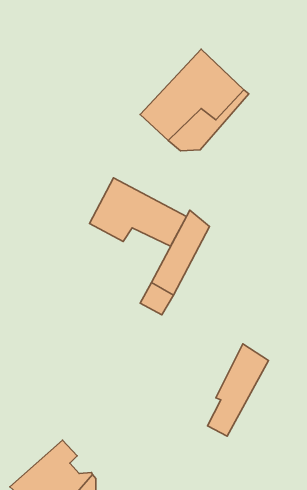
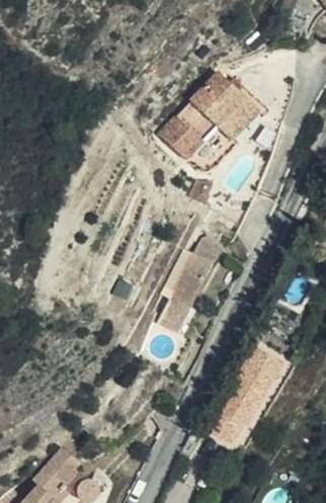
building: [90,178,187,246] -> none

